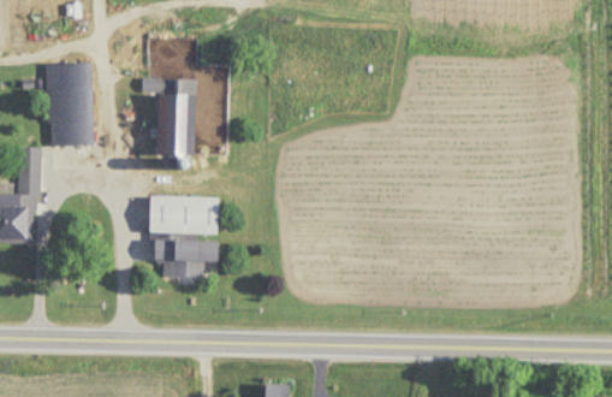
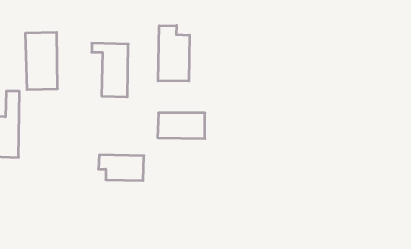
building: none -> [158,25,190,81]
building: [149,197,218,235] -> [158,113,205,139]

